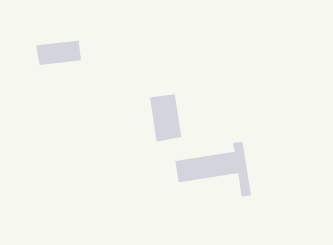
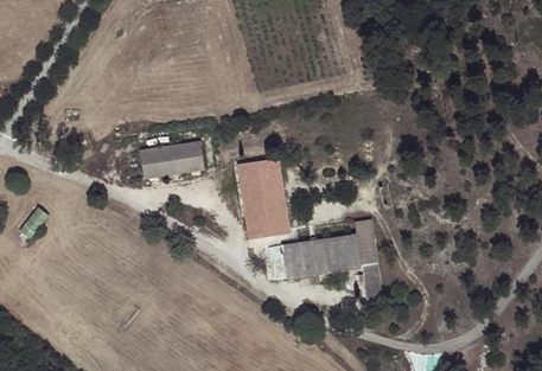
building: [35,40,82,66] -> [140,136,205,172]
building: none -> [248,216,288,239]

